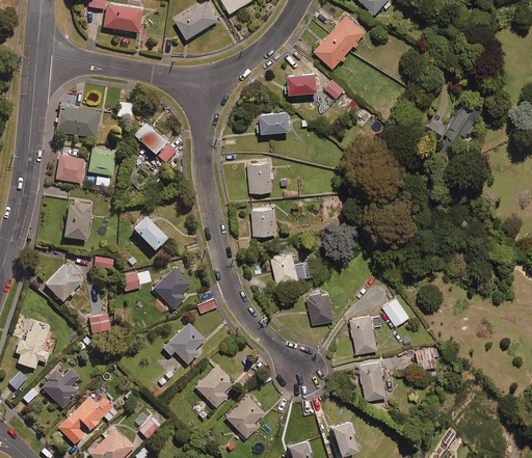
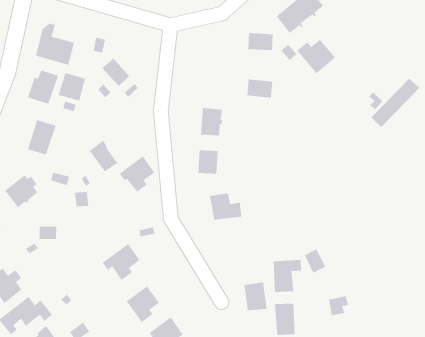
building: none -> [296,39,336,74]
building: [259,110,288,130] -> [246,79,273,98]
building: [151,267,190,308] -> [119,155,155,192]
building: [307,290,337,324] -> [243,282,267,311]

